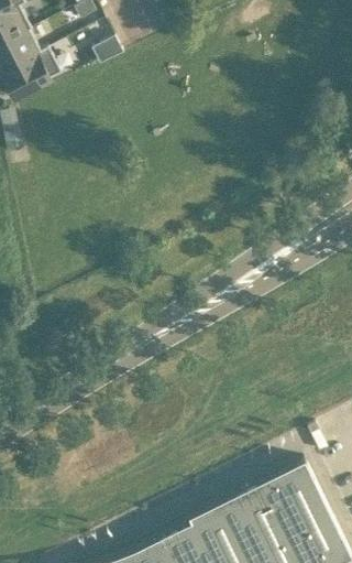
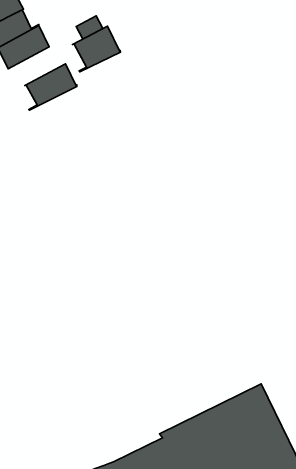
building: none -> [73,26,121,72]
building: none -> [25,64,77,110]

